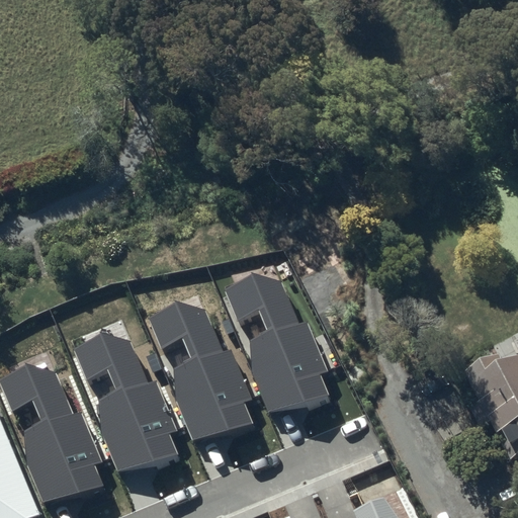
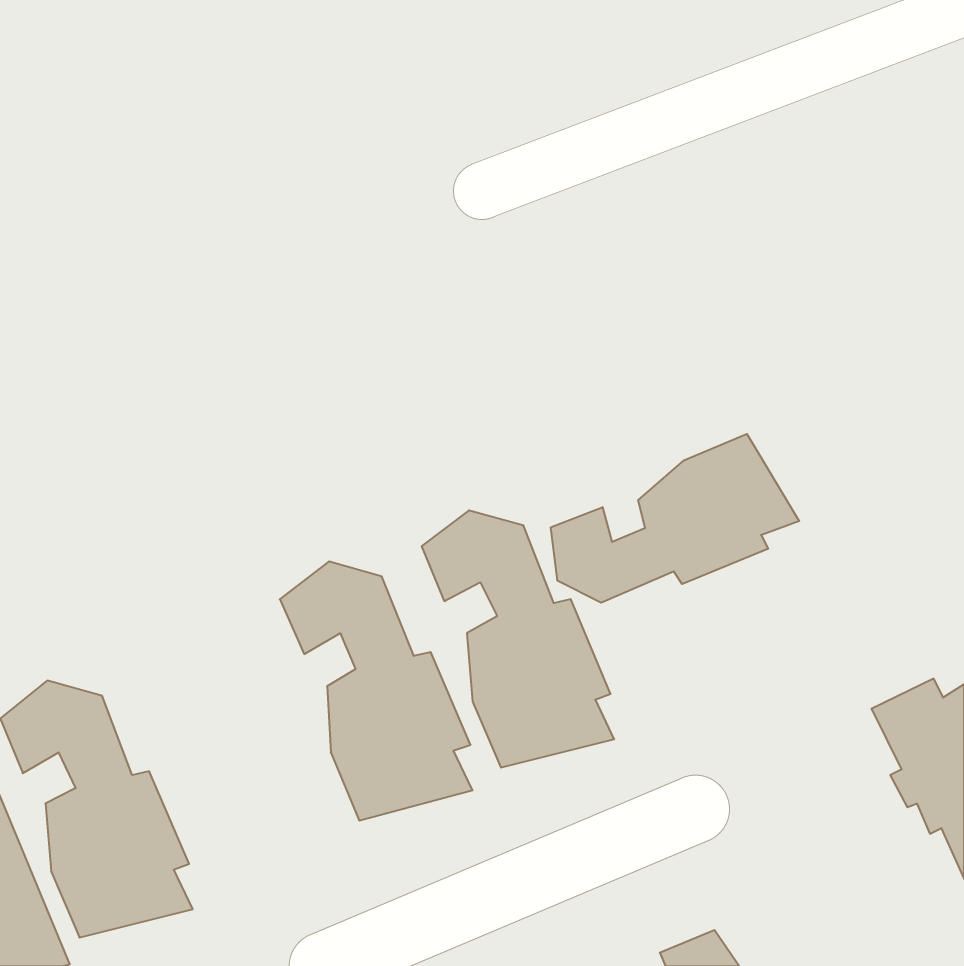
building: none -> [551,434,799,603]
building: [74,333,177,470] -> none

